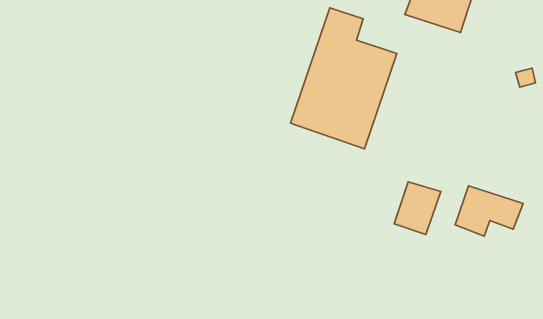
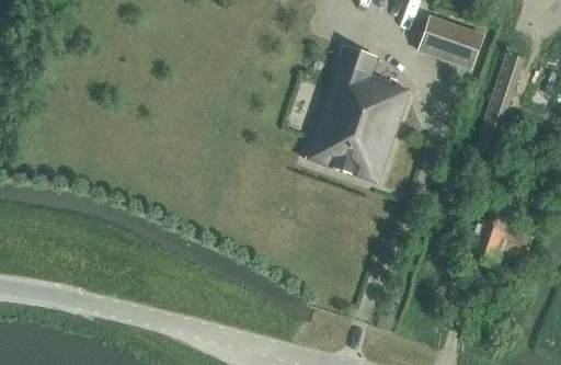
building: none -> [474,52,524,155]
building: [394,182,441,235] -> none

